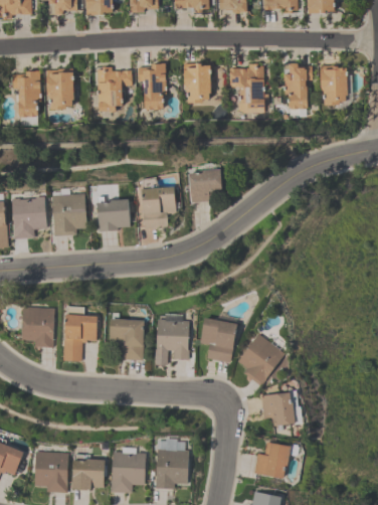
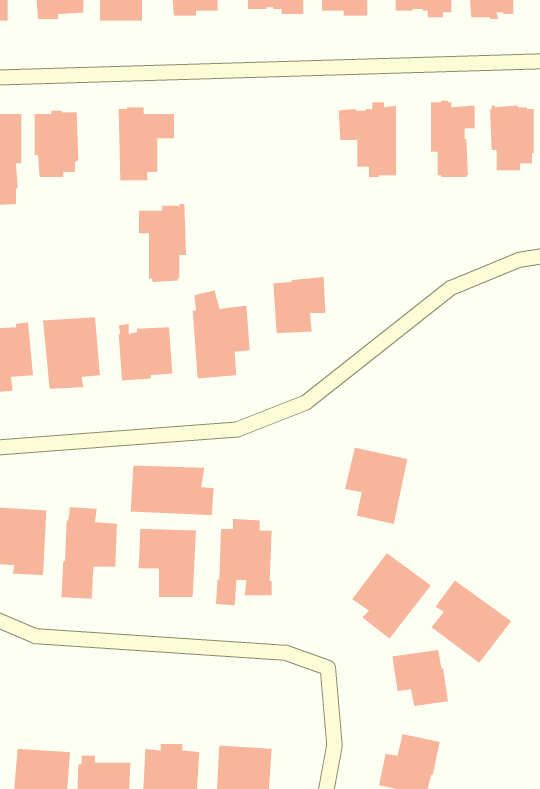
building: [137,62,166,110] -> [138,204,187,282]
building: [183,62,210,103] -> none
building: none -> [130,465,214,516]
building: [199,317,237,363] -> [344,447,408,524]
building: none -> [431,579,512,664]

